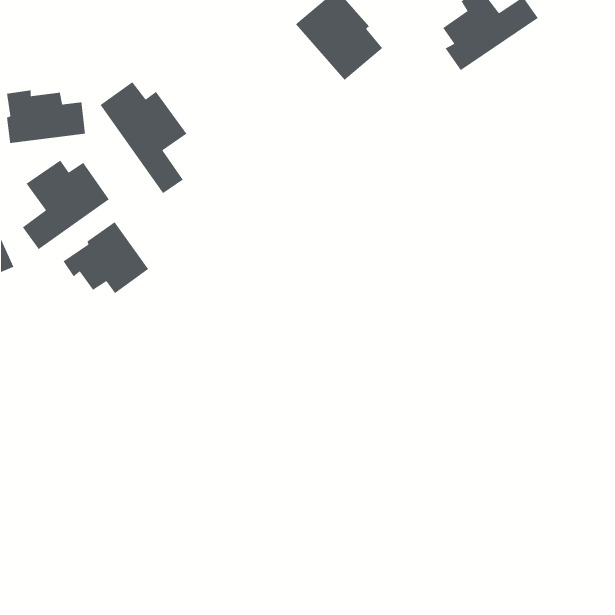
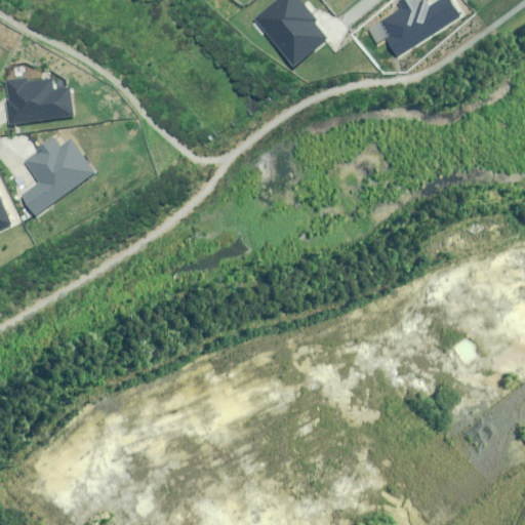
building: [99,81,188,194] -> none
building: [63,221,149,294] -> none

